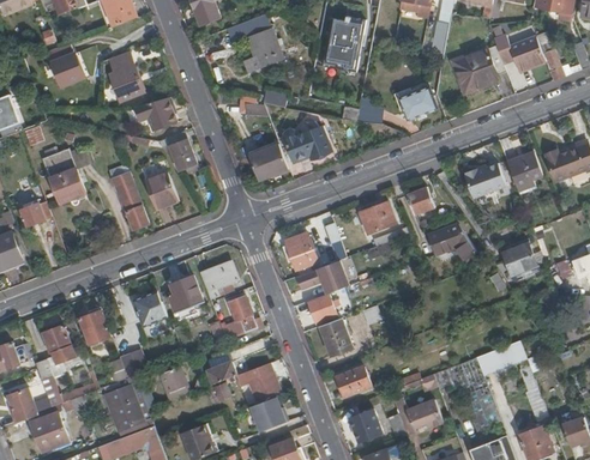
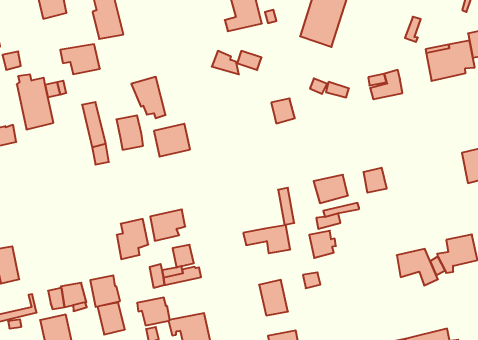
building: [134,97,177,131] -> [60,44,100,74]
building: [285,127,332,161] -> none
building: [249,144,289,181] -> [154,124,190,157]
building: [462,155,504,189] -> none
building: [431,222,476,259] -> [397,249,438,285]
building: [287,231,318,268] -> none
building: [133,291,167,326] -> [90,275,120,307]
building: [309,293,338,323] -> [309,231,336,258]
building: [79,311,110,344] -> none

